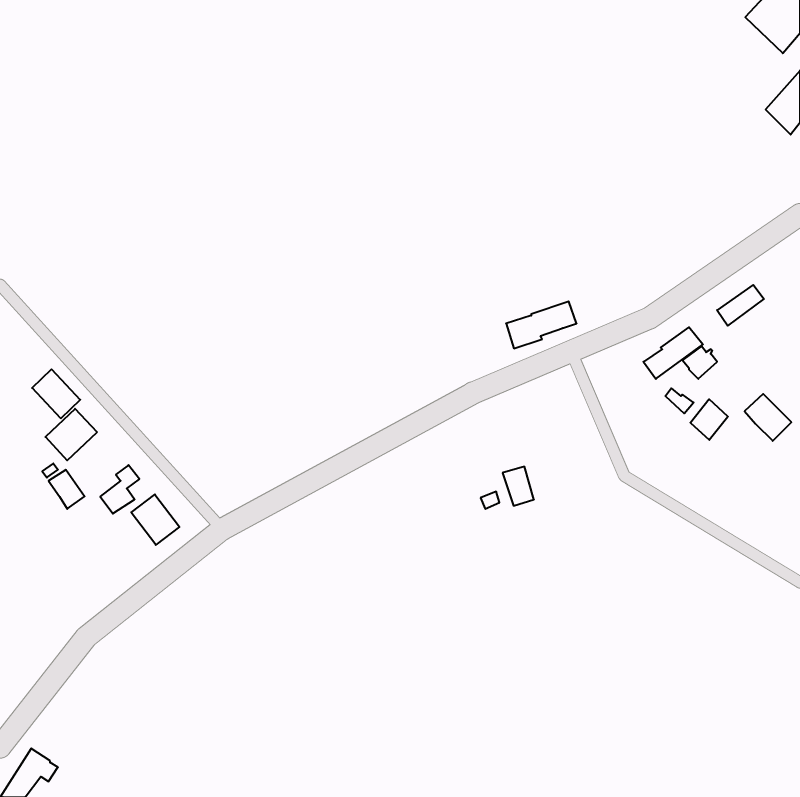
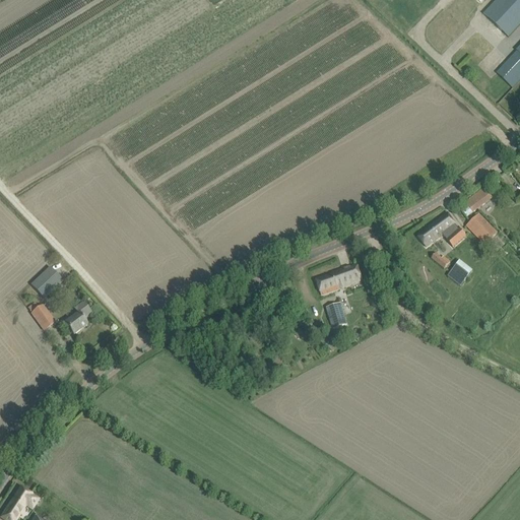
building: [506,301,577,348] -> [316,264,362,295]
building: [32,369,80,418] -> none
building: [745,394,791,441] -> [466,213,497,244]
building: [131,494,179,545] -> none

